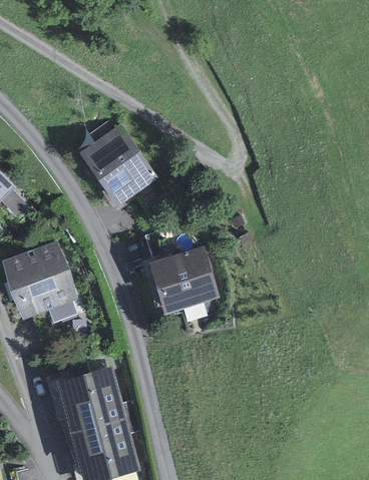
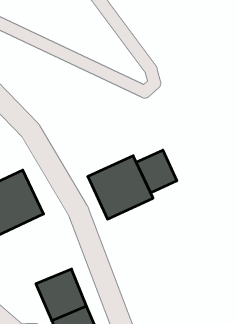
building: [77,123,156,204] -> none
building: none -> [136,150,177,193]

